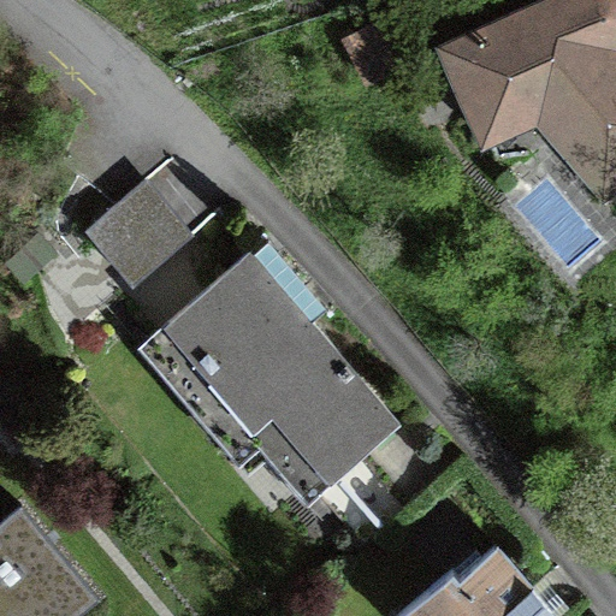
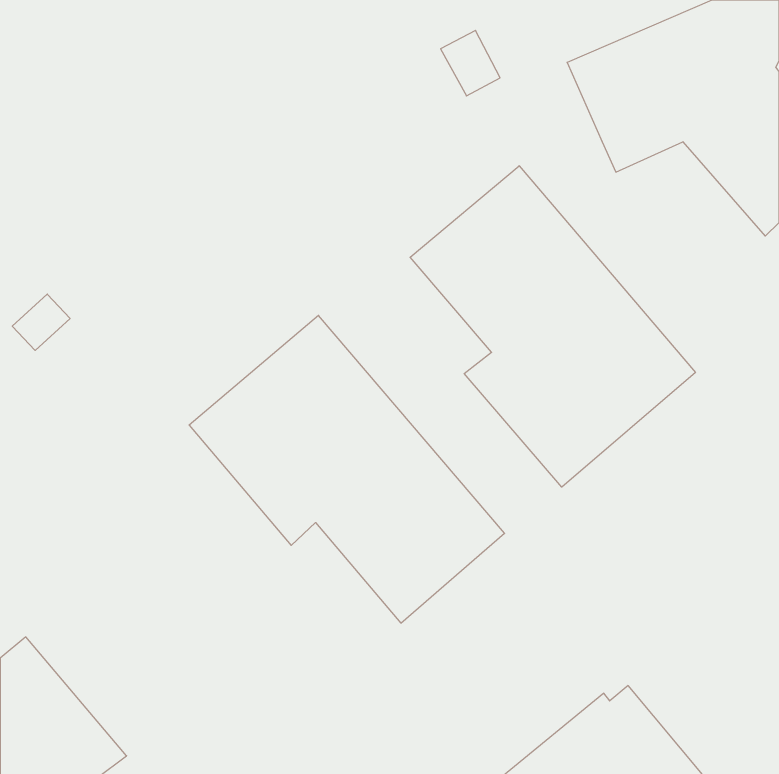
building: none -> [410,166,695,487]
building: [85,186,183,286] -> none

